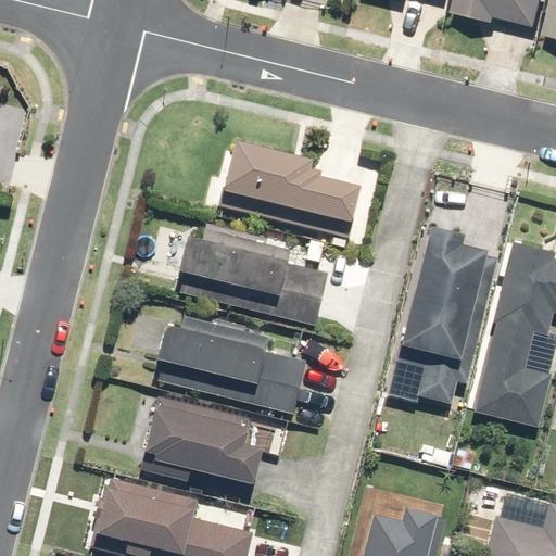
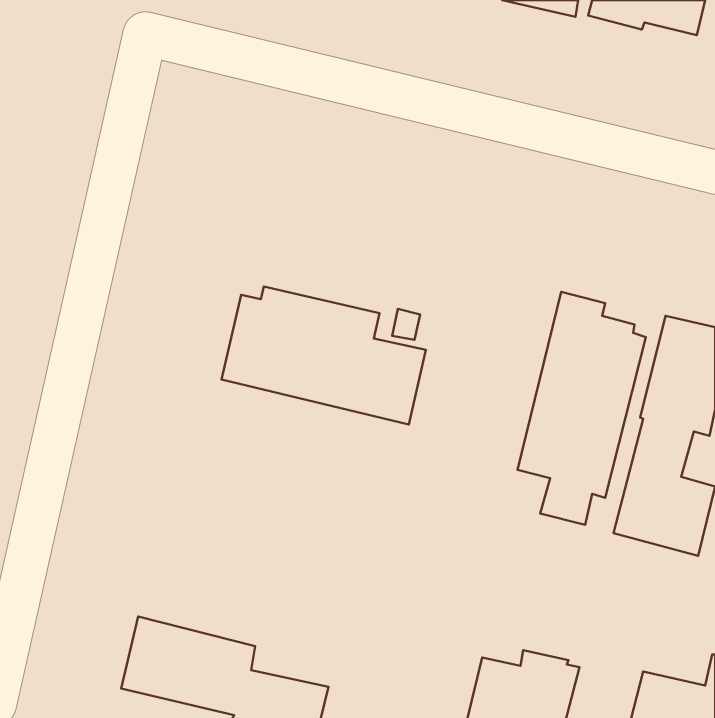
building: [220,136,361,222] -> none
building: [149,311,306,416] -> none
building: [142,395,264,484] -> none

